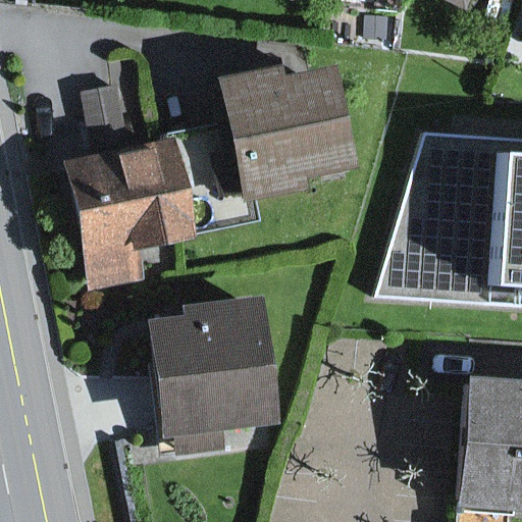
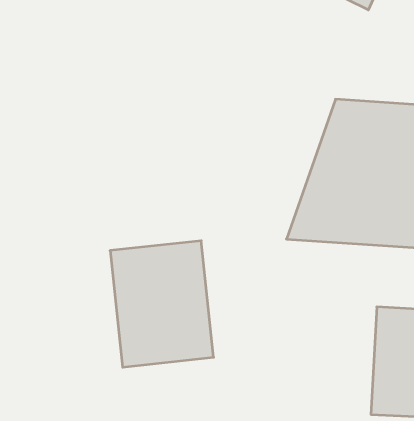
building: [214,52,360,202] -> none
building: [74,143,208,293] -> none

